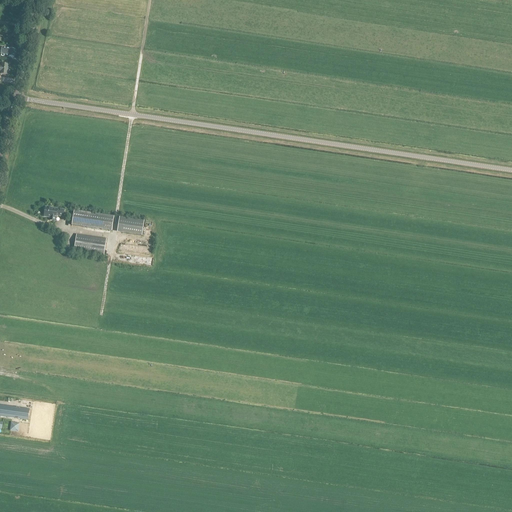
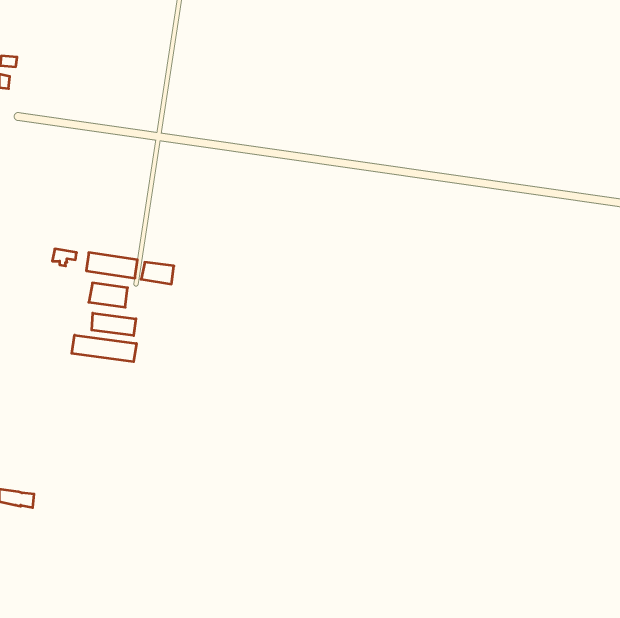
building: none -> [92,313,136,336]
building: none -> [72,335,136,362]

